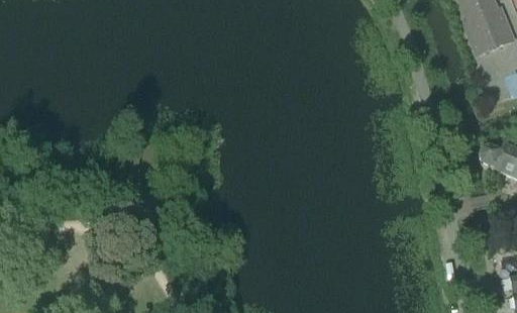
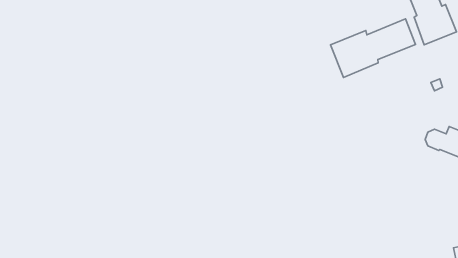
building: none -> [330,19,416,78]

